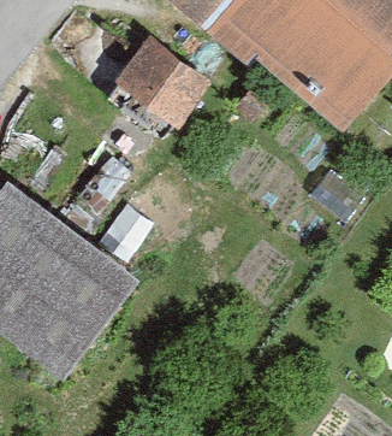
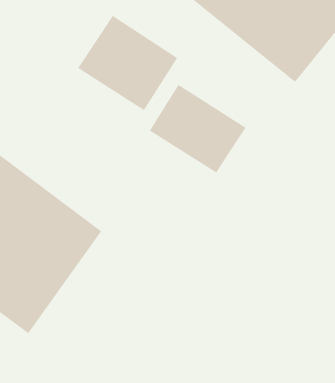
building: none -> [149,84,246,174]

